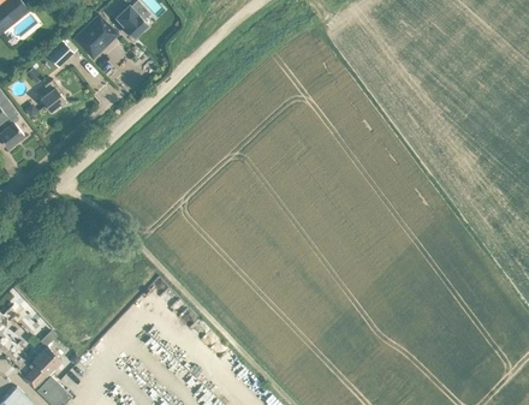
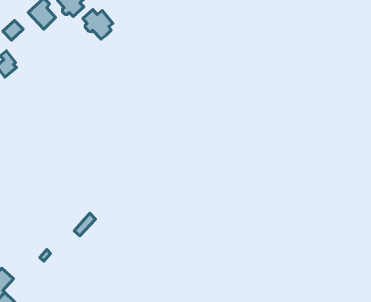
building: none -> [83,9,113,39]

